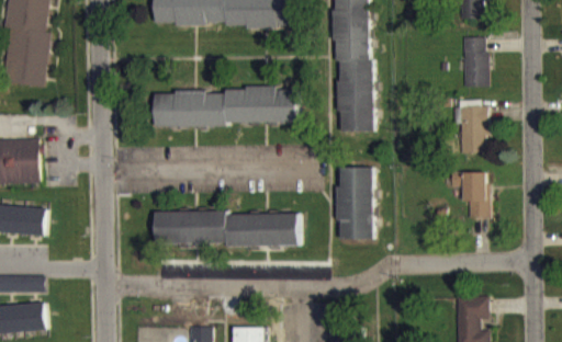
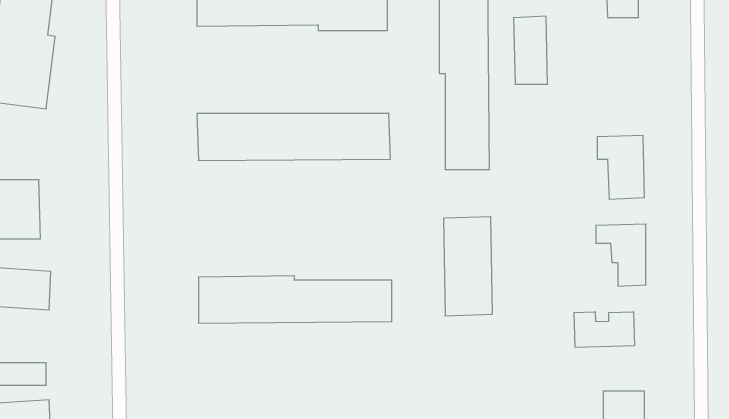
building: [461,36,486,87] -> [514,16,548,84]
building: none -> [574,312,634,347]

